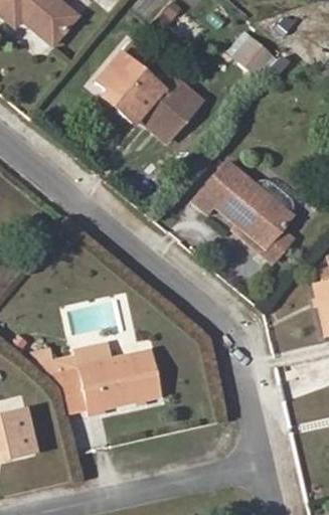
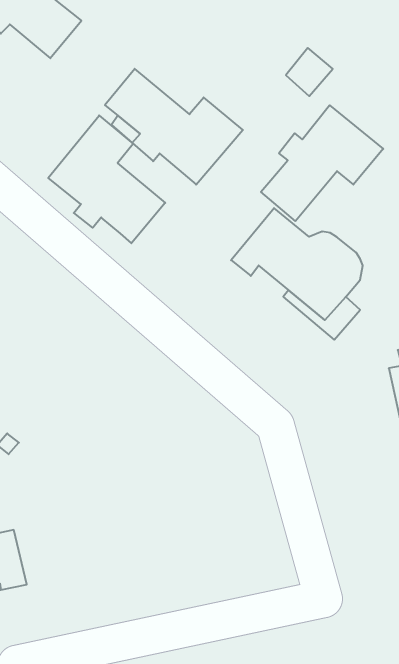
building: none -> [261,105,383,221]
building: none -> [48,115,165,243]
building: [35,350,162,414] -> none

